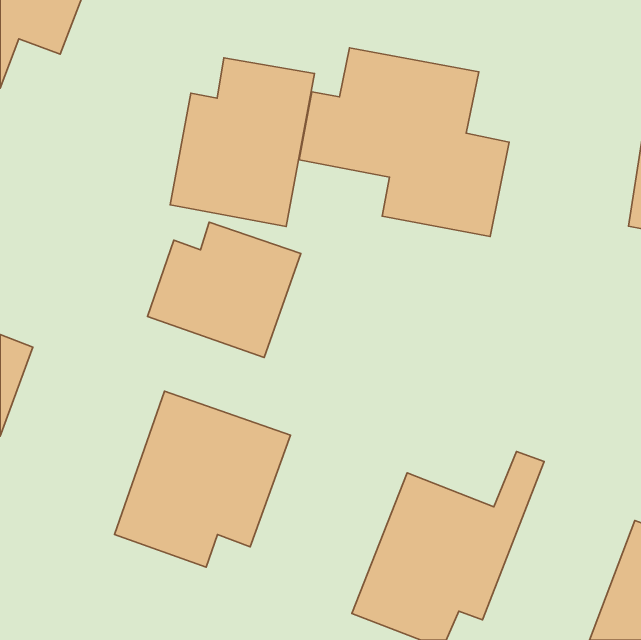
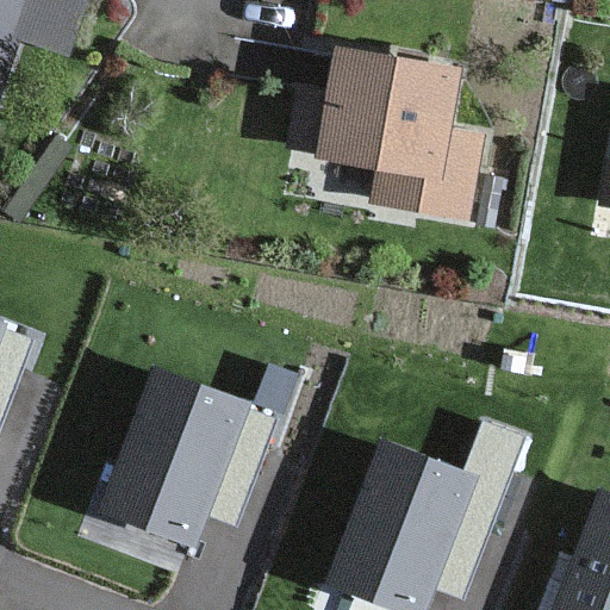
building: [170,58,315,226] -> none
building: [147,222,301,358] -> none

